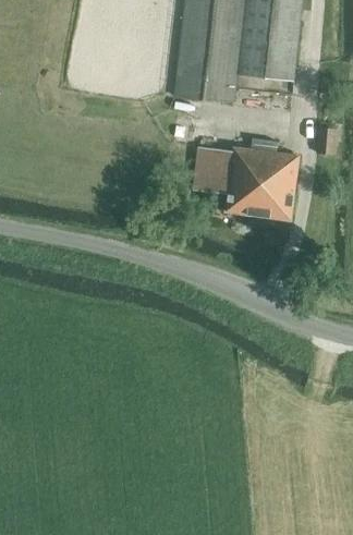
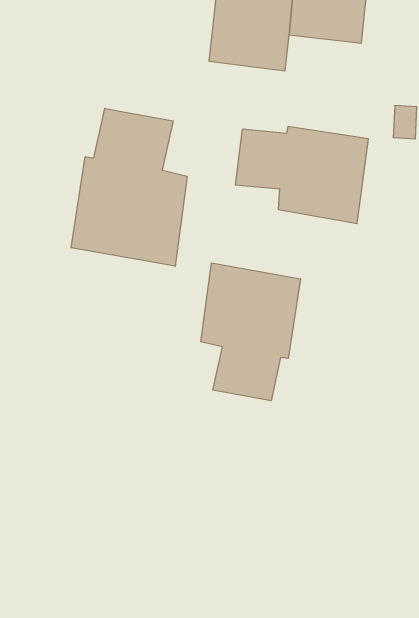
building: none -> [71,108,187,266]
building: none -> [201,263,300,401]

